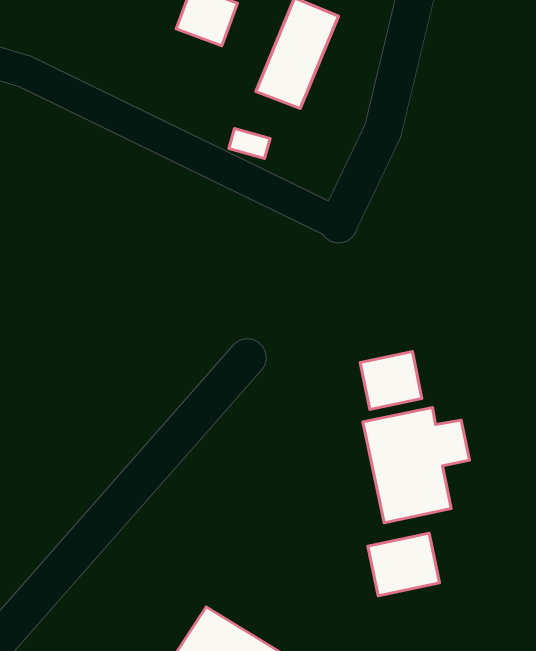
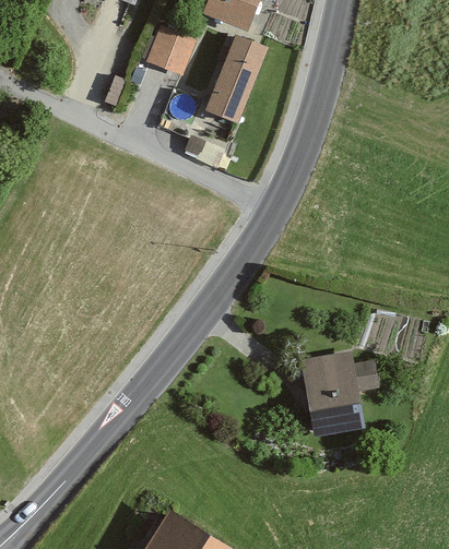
building: [360,352,422,409] -> none
building: [368,533,439,596] -> none

